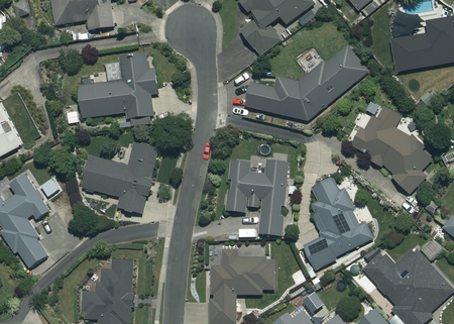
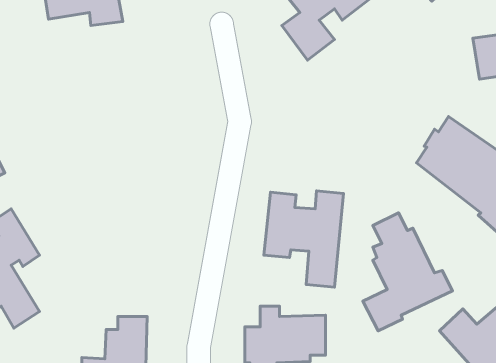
building: [244,43,368,120] -> none
building: [79,55,158,118] -> none
building: [82,142,156,213] -> none

